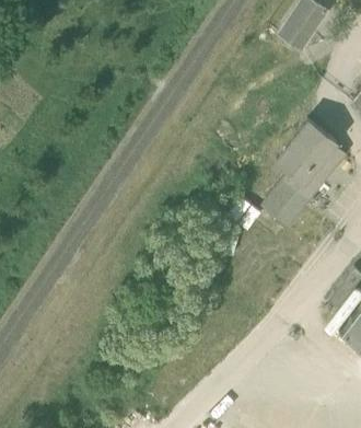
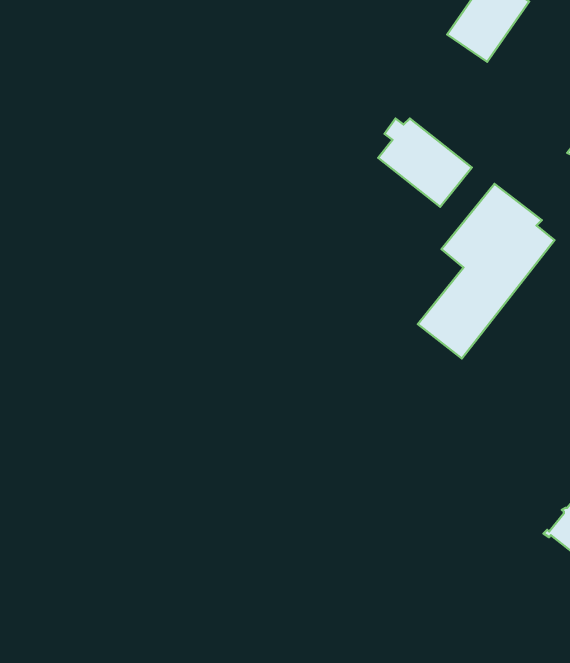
building: none -> [378,119,472,207]

